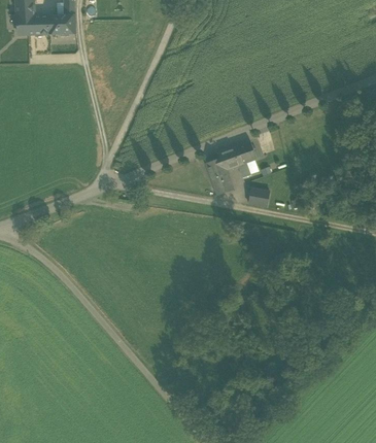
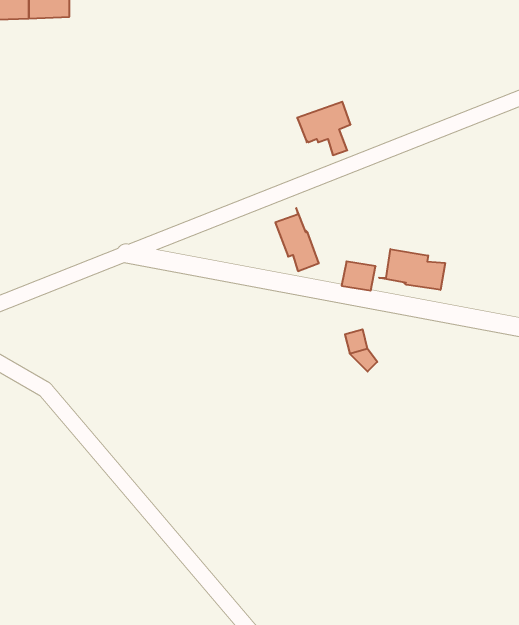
building: [218,143,252,177] -> [297,102,351,155]
building: none -> [379,249,445,290]

